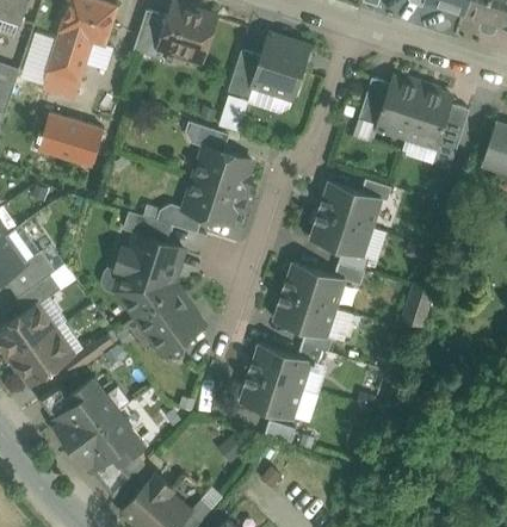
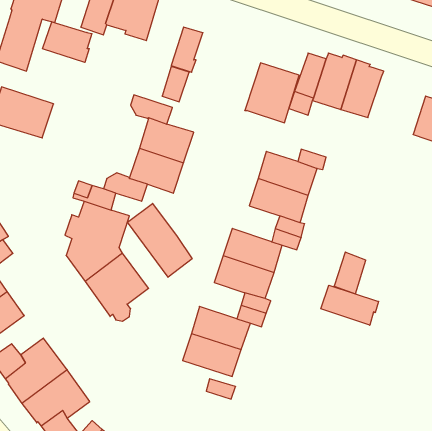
building: [252,35,309,98] -> [245,63,299,123]
building: none -> [42,22,92,62]
building: [437,103,469,150] -> none
building: none -> [127,203,192,277]
building: none -> [321,285,379,325]

